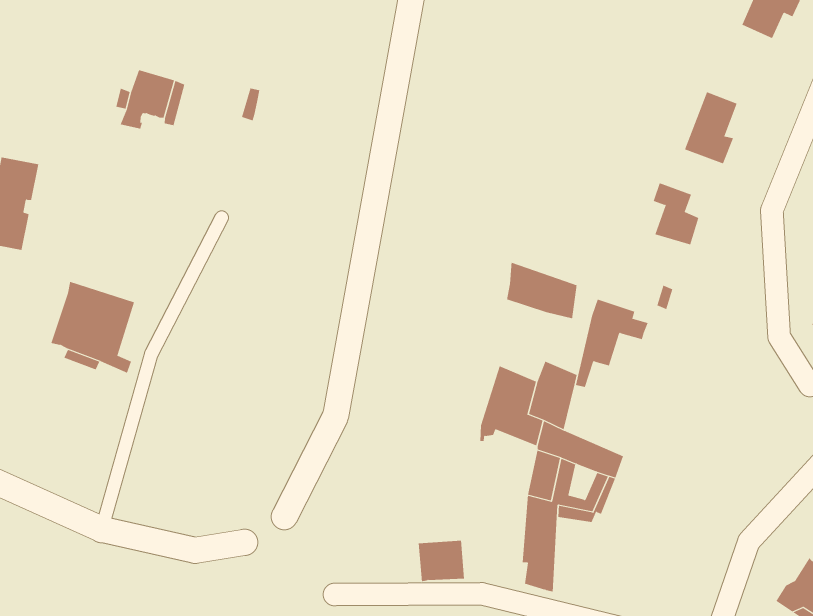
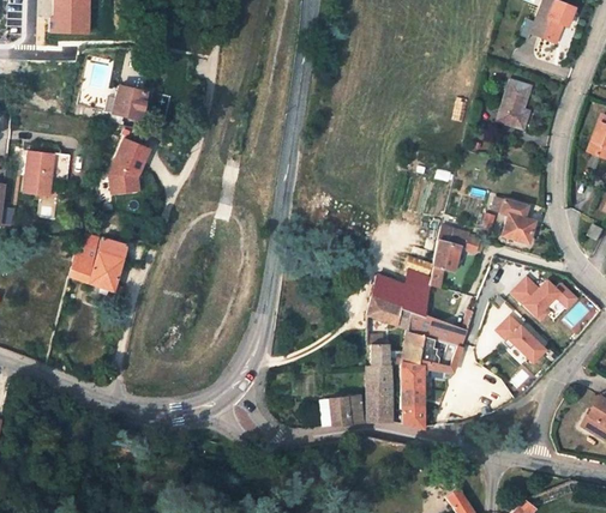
building: none -> [108,141,148,194]
building: [653,182,699,245] -> [500,200,533,242]
building: [507,262,577,319] -> none
building: none -> [508,274,576,322]
building: none -> [493,312,545,363]
building: none -> [366,336,392,422]

